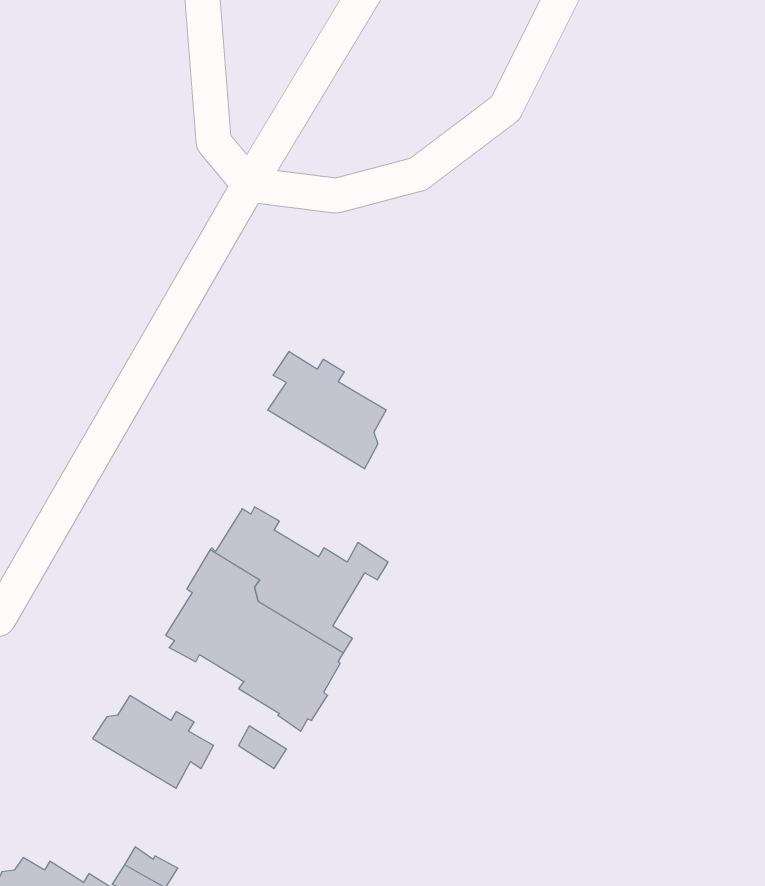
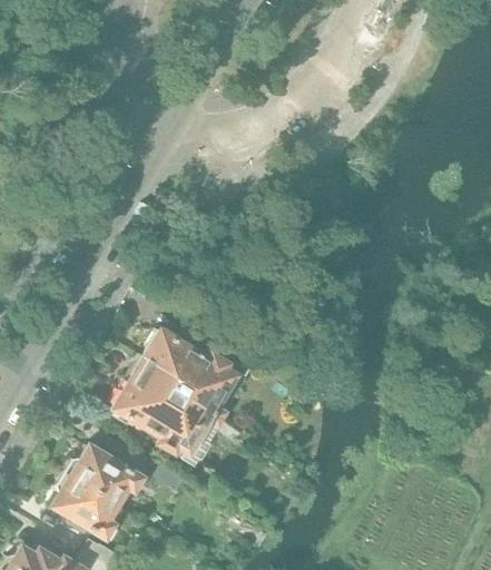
building: [268,351,386,469] -> none
building: none -> [52,472,118,534]

